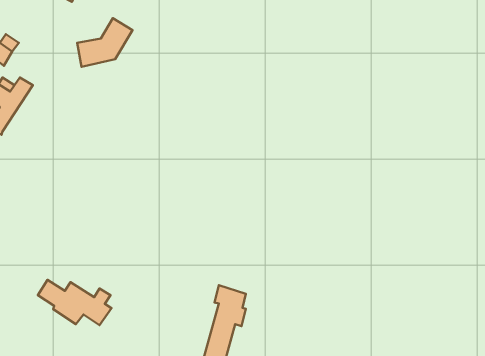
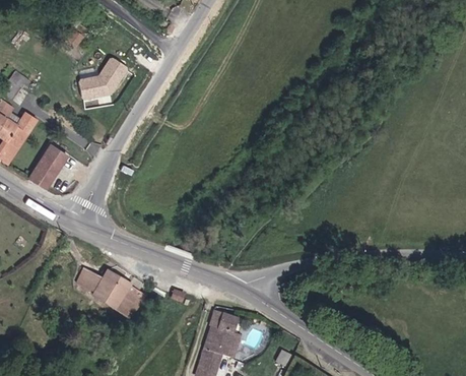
building: none -> [31,150,64,186]
building: [38,280,111,325] -> [78,268,147,311]

